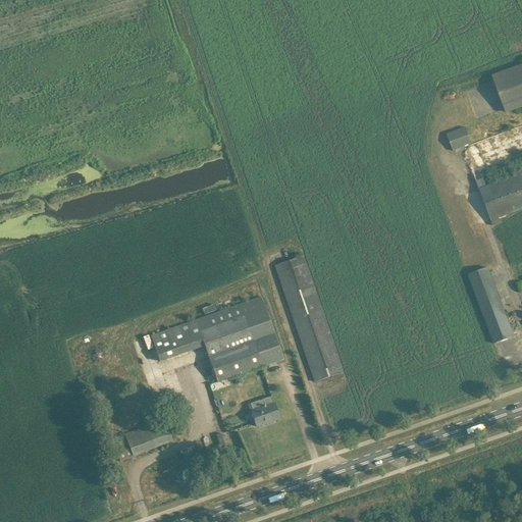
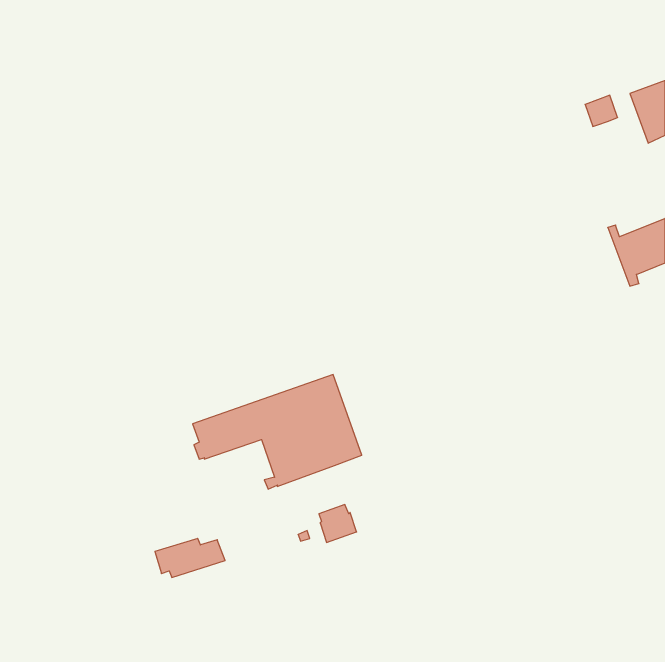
building: [447,125,472,150] -> [585,95,618,126]
building: [275,255,343,380] -> none
building: [469,266,514,342] -> none

